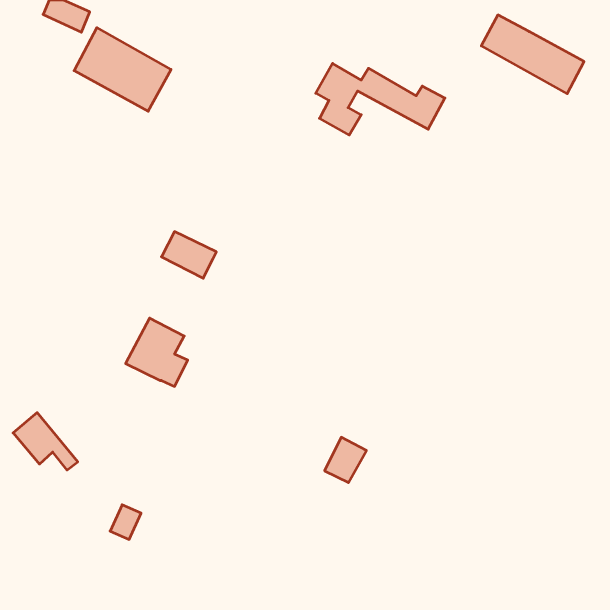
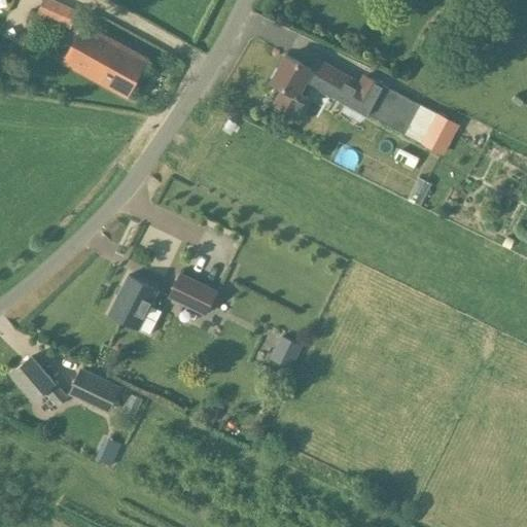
building: [481,15,584,94] -> [368,85,457,153]
building: [161,232,216,278] -> [169,274,216,314]
building: none -> [68,367,122,414]
building: [325,437,366,483] -> [267,333,303,373]

